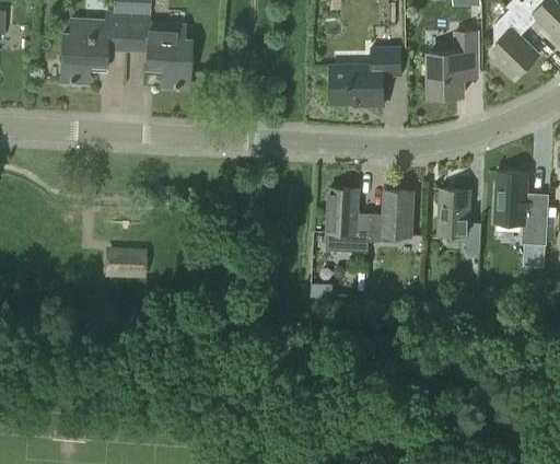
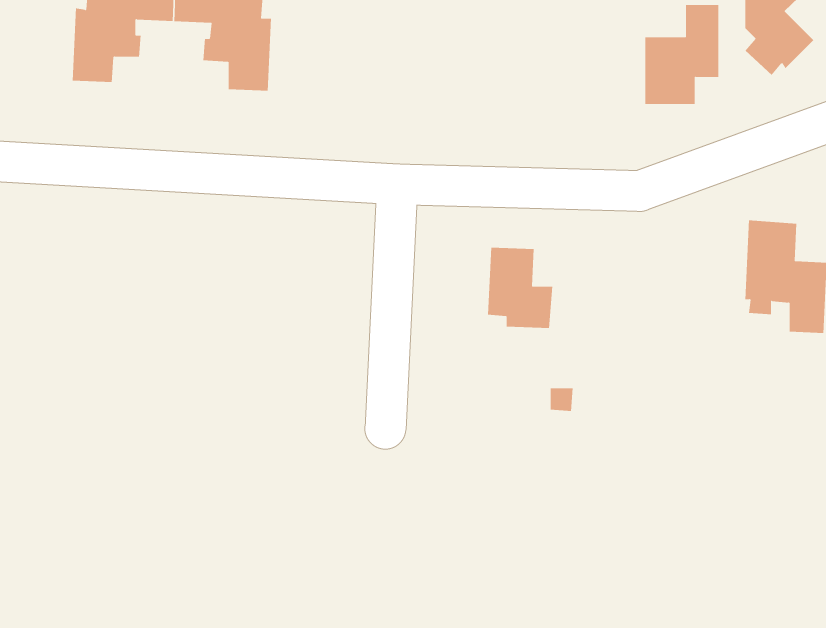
building: [331,47,401,106] -> none
building: [439,189,481,254] -> none
building: [369,190,413,242] -> none
building: [104,247,147,279] -> none

